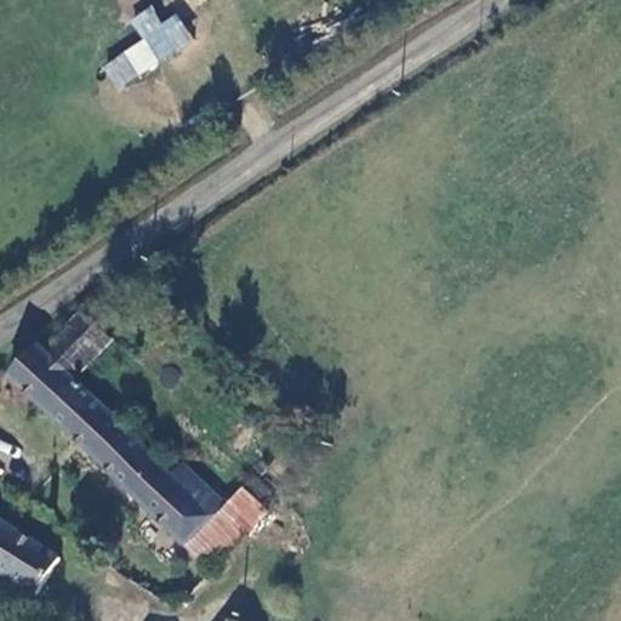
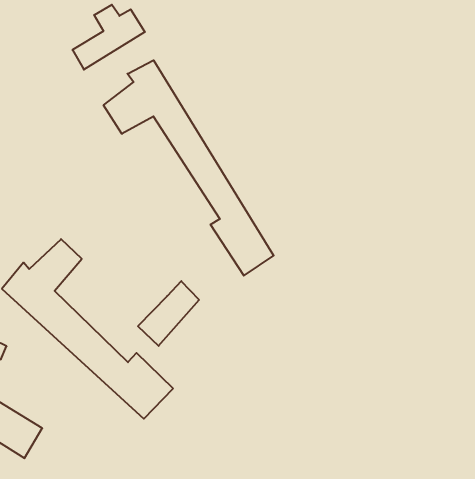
building: none -> [104,60,274,276]
building: [186,484,264,568] -> [138,281,199,346]

